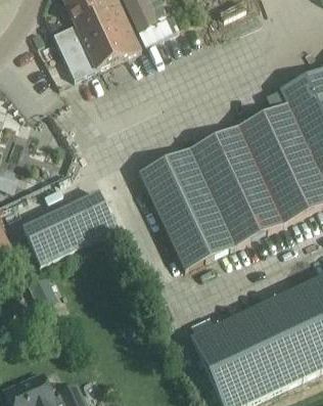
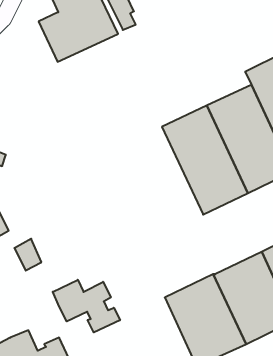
building: [139,150,233,269] -> none
building: [22,190,117,265] -> none
building: none -> [53,280,120,332]

